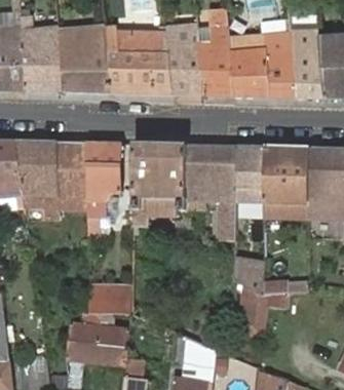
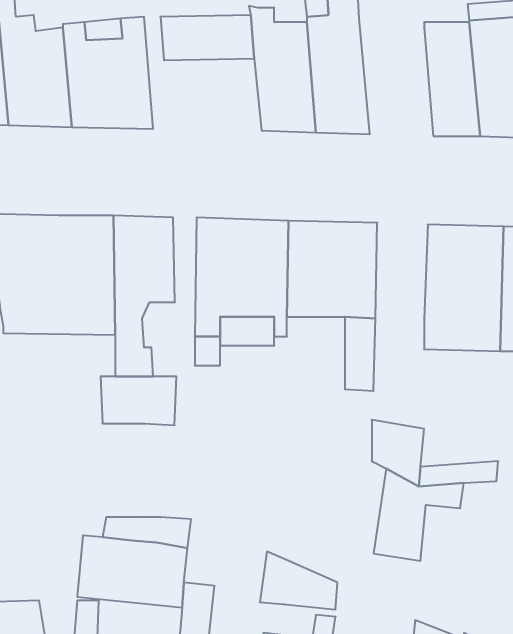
building: [105,26,171,93] -> none
building: [227,30,269,96] -> none
building: [236,146,266,200] -> none
building: [89,286,132,314] -> [101,376,176,425]

